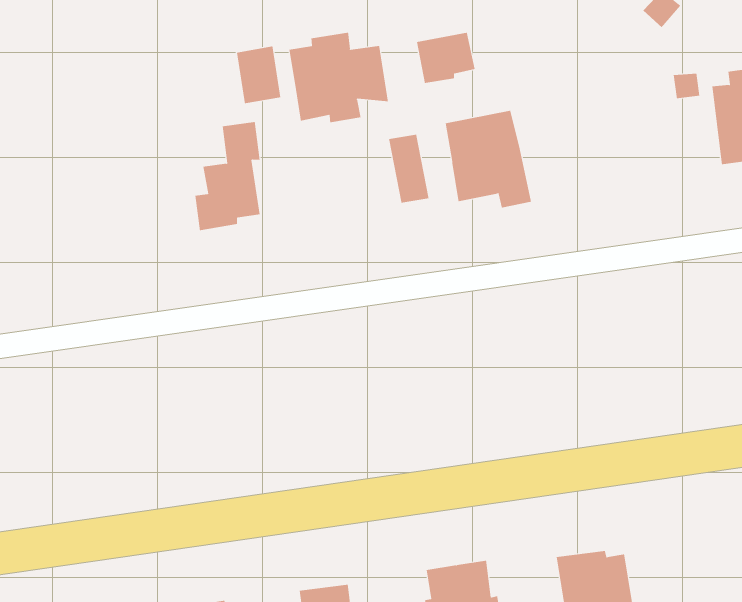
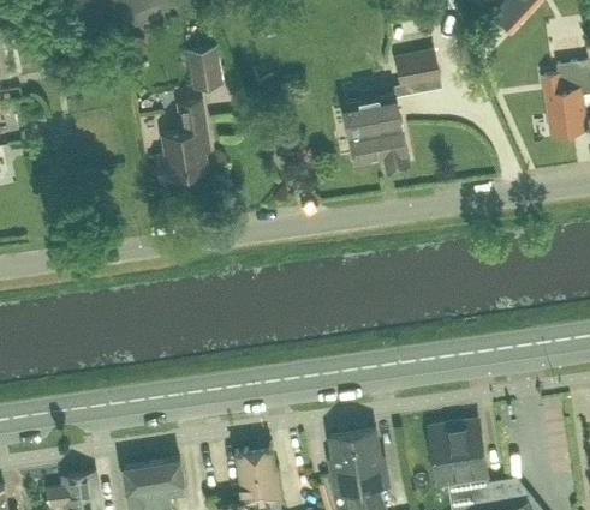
building: [289,32,388,123] -> none
building: [416,32,476,83] -> [394,50,439,89]
building: [388,134,429,204] -> none

